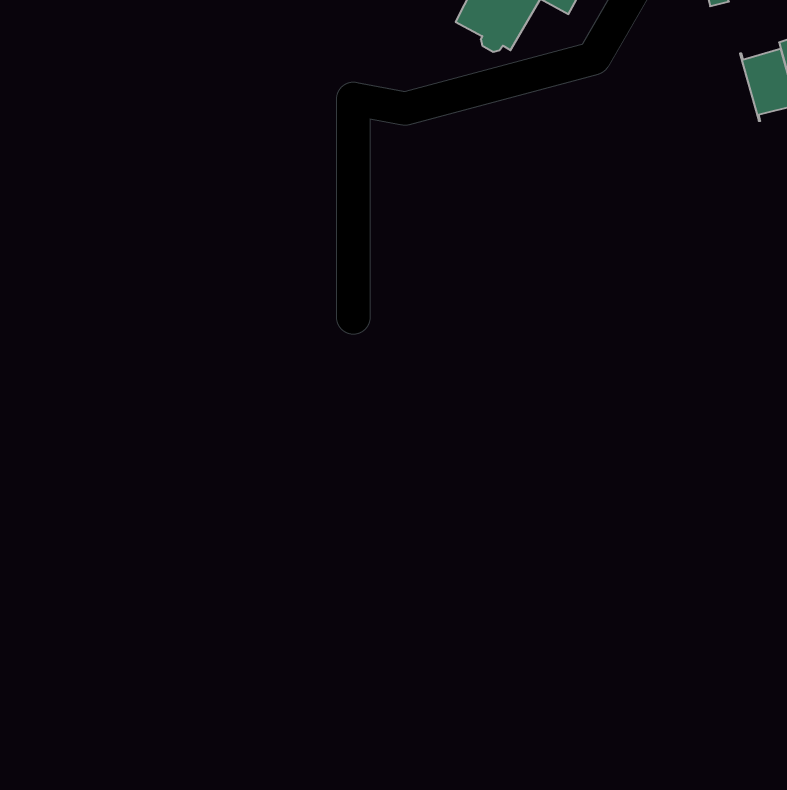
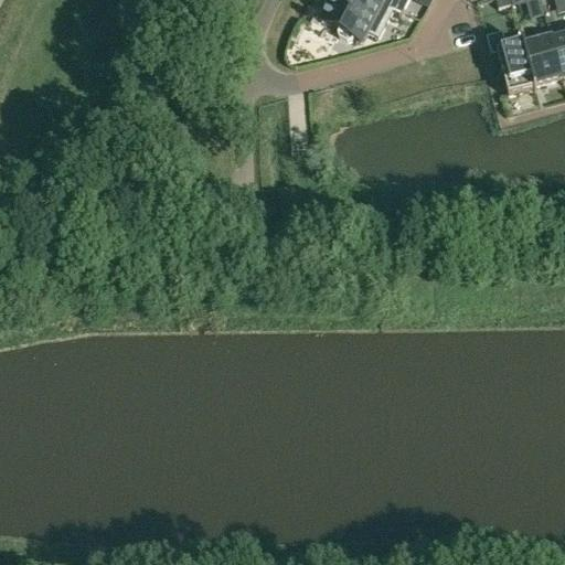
building: none -> [498,28,544,90]

